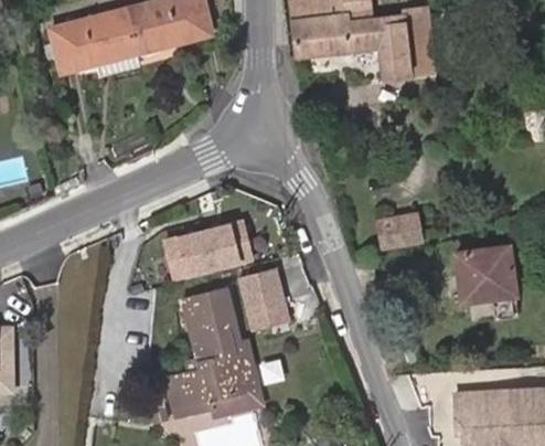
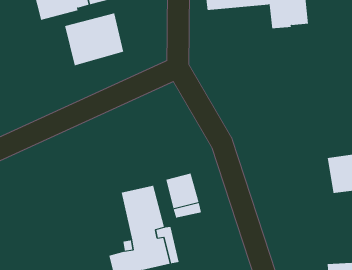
building: none -> [64,12,124,66]
building: [378,213,420,246] -> none
building: [163,216,254,276] -> none

